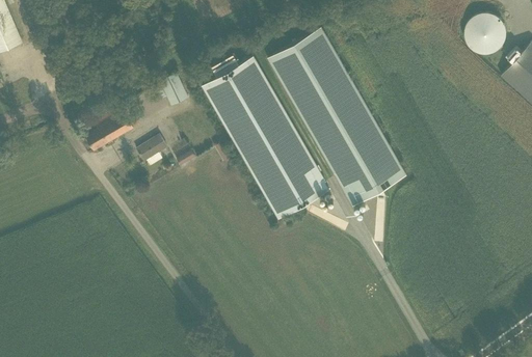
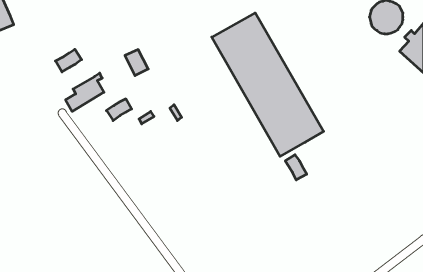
building: [203,56,328,218] -> none
building: none -> [55,49,82,72]
building: none -> [285,155,307,180]

